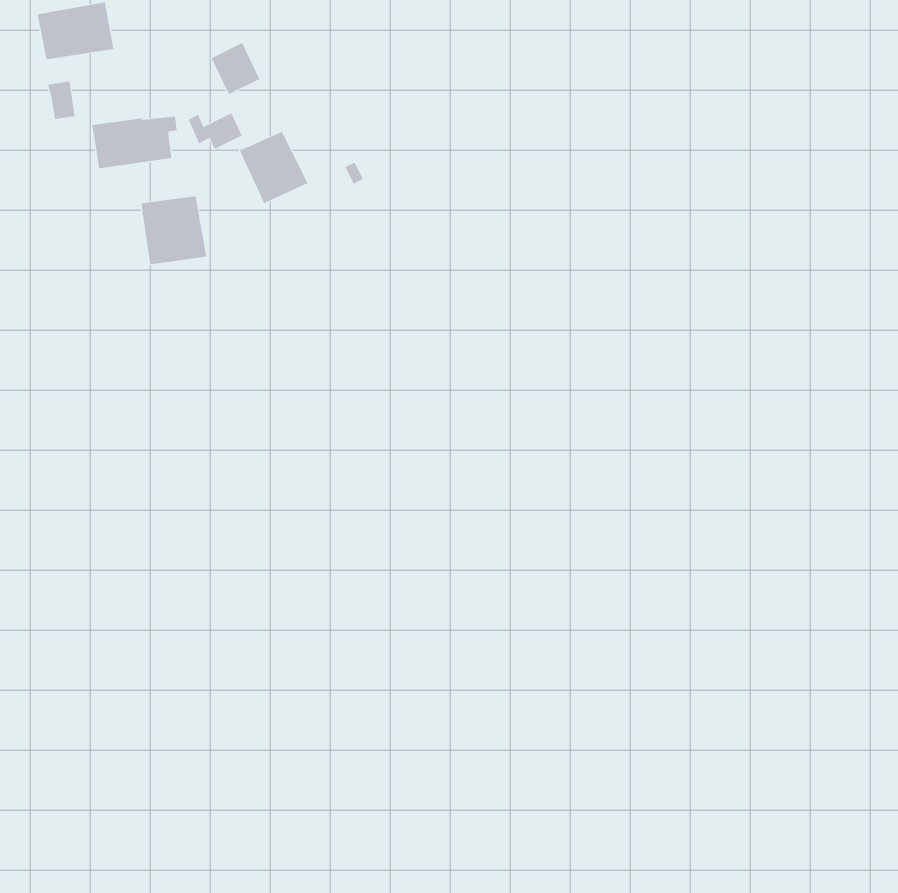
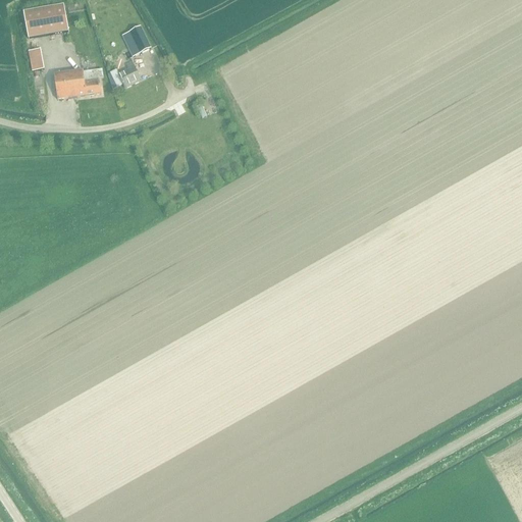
building: [239,131,308,204] -> none
building: [141,196,207,265] -> none

